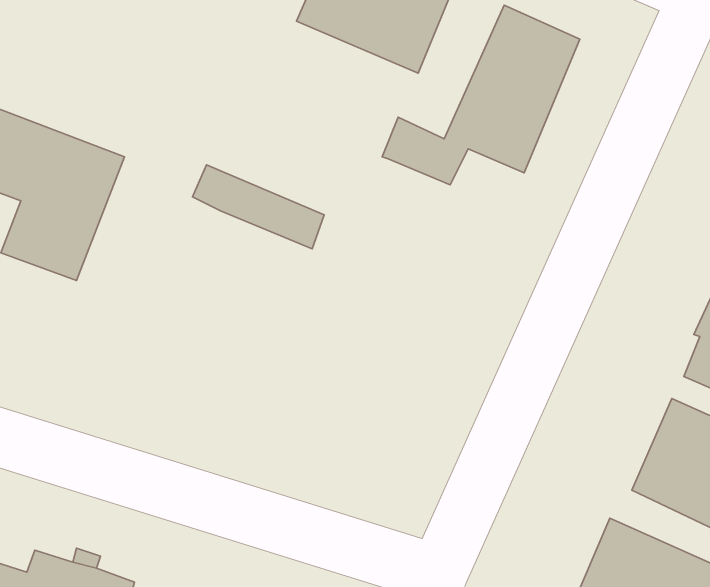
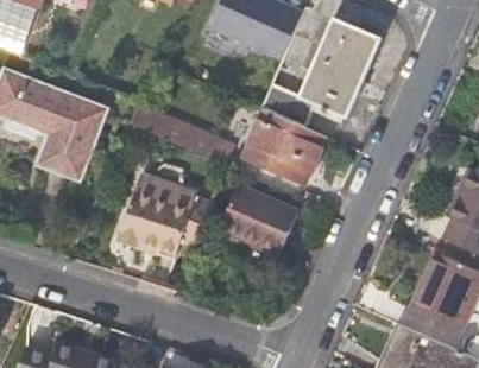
building: none -> [245,109,326,183]
building: none -> [118,177,214,260]
building: none -> [220,186,300,254]

